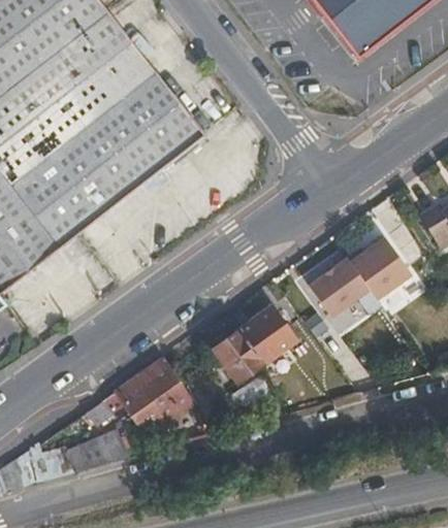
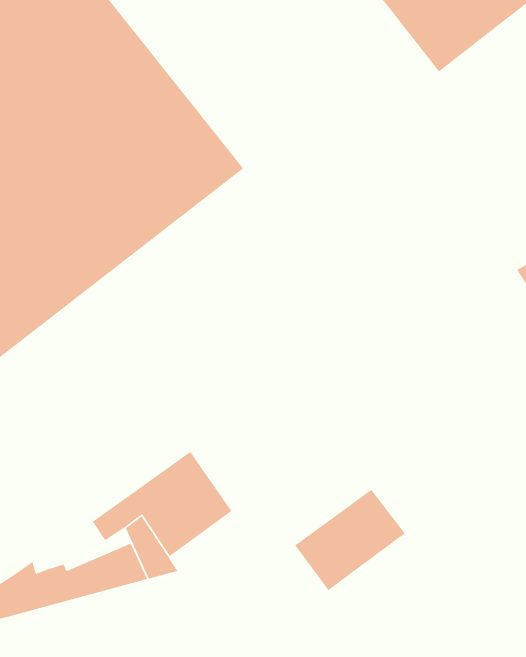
building: [307,229,412,320] -> none
building: [210,302,297,383] -> [294,489,406,591]

